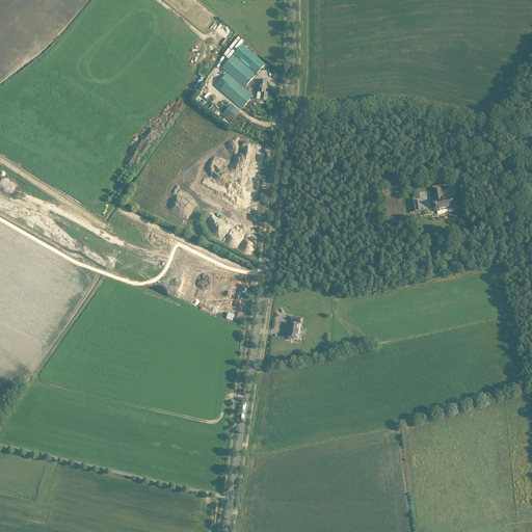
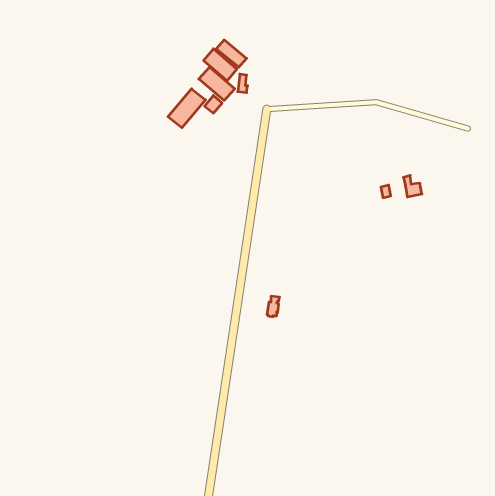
building: none -> [168,89,206,128]

